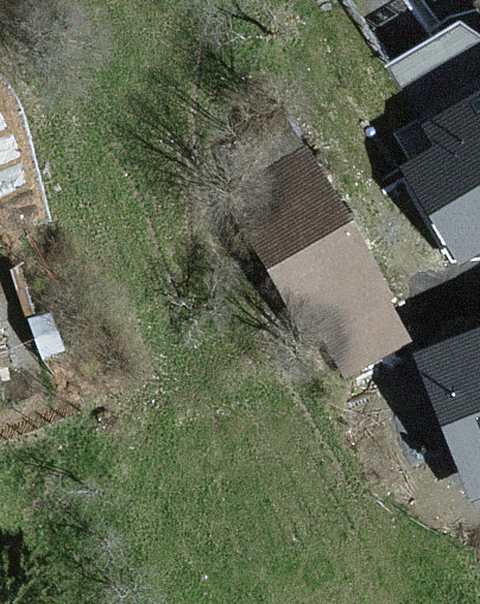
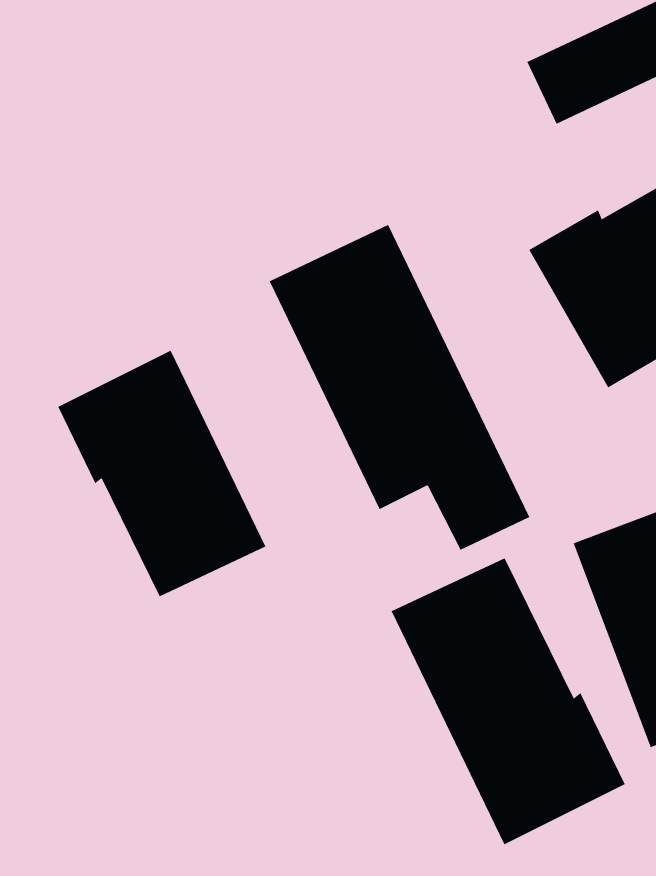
building: none -> [57,350,266,597]
building: none -> [391,557,626,845]

